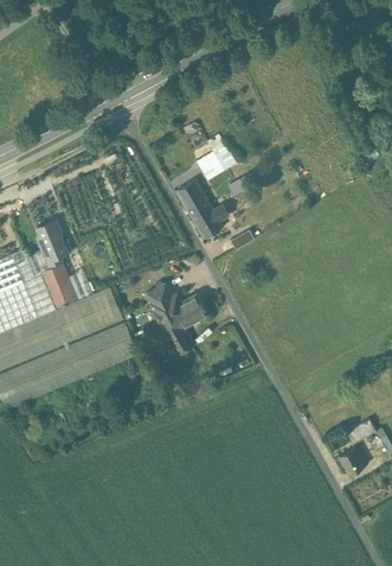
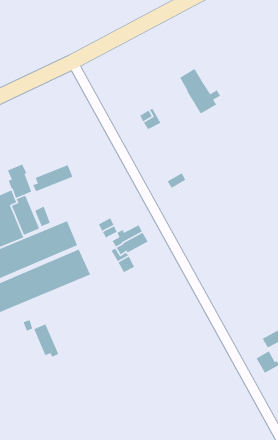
building: [176,179,227,236] -> [179,68,221,115]
building: none -> [32,164,74,192]
building: none -> [33,323,59,358]

